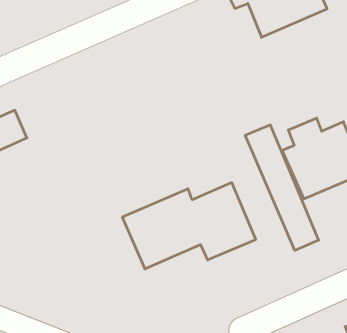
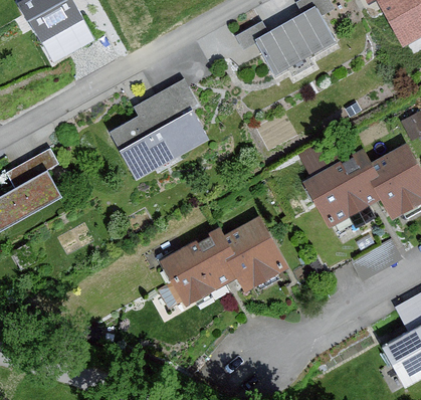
building: none -> [112,80,206,180]
building: [245,125,319,250] -> none

